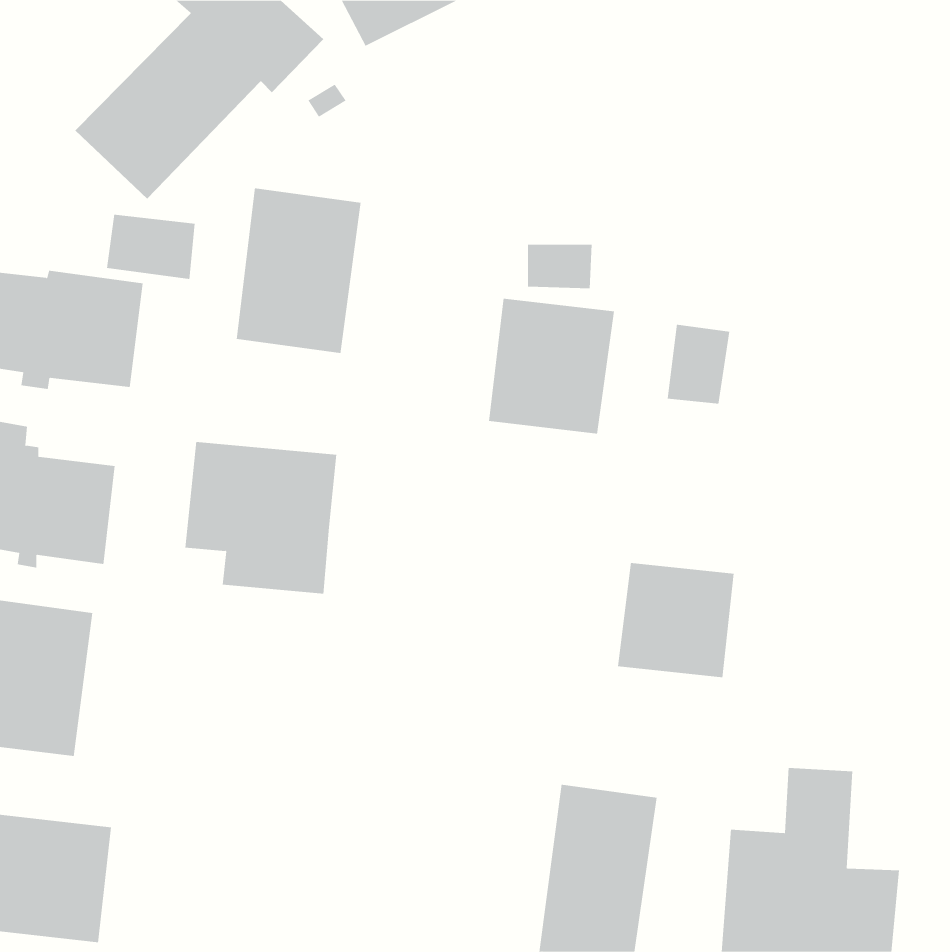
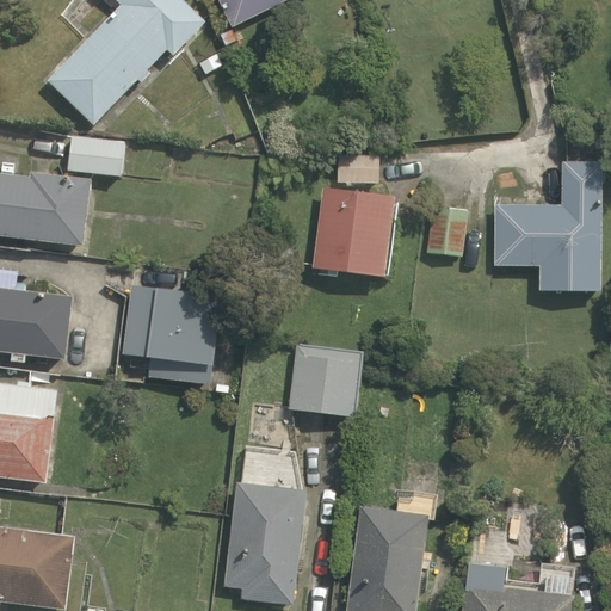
building: [236,187,361,354] -> none
building: none -> [493,162,603,290]
building: [617,562,734,678] -> [285,337,360,411]
building: none -> [226,473,301,601]

